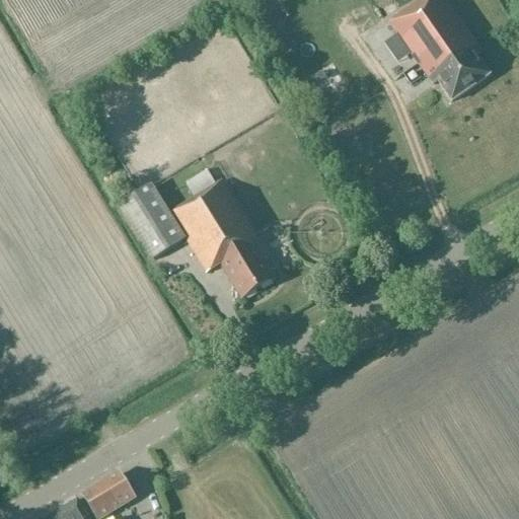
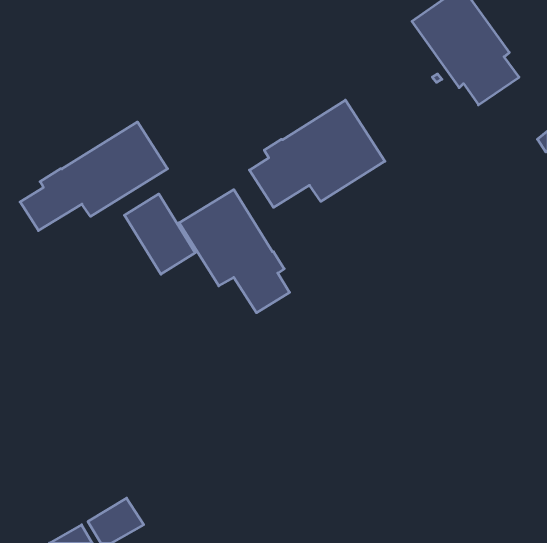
building: none -> [249,100,385,207]
building: none -> [20,122,168,231]

